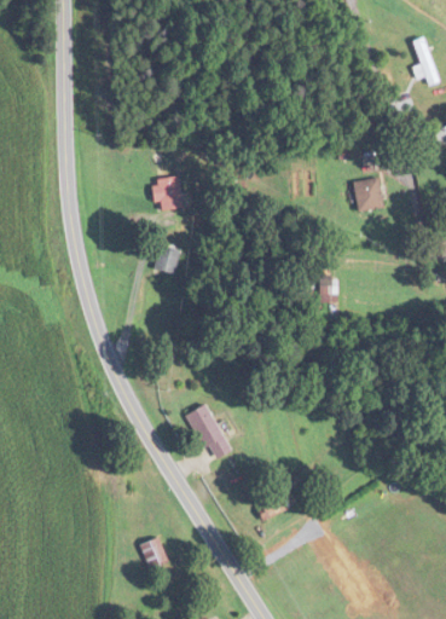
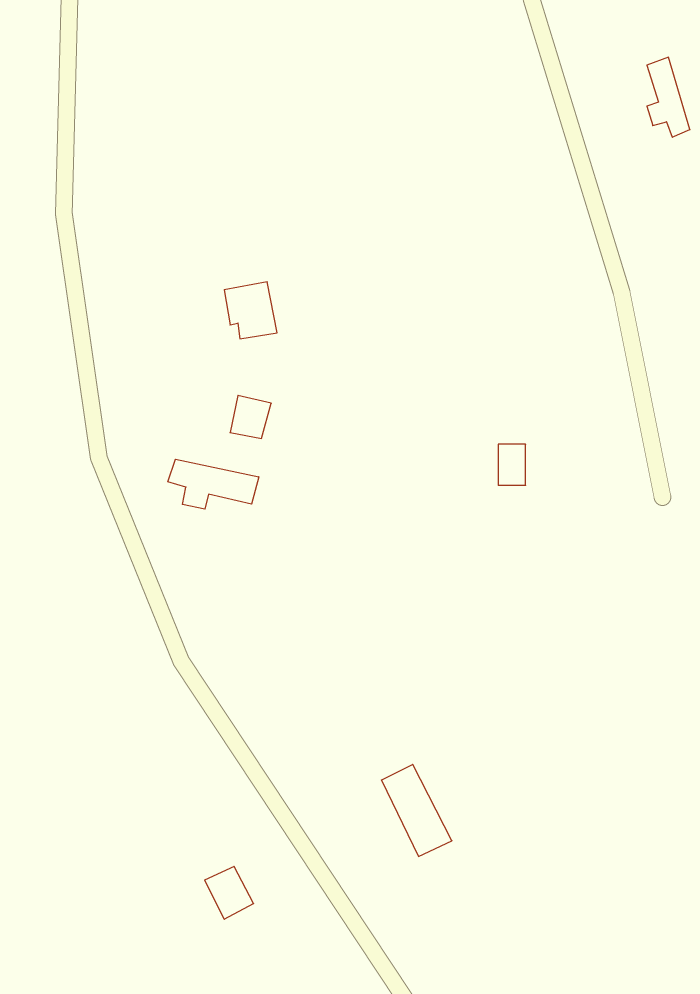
building: [353,177,383,212] -> none
building: none -> [168,459,259,509]
building: [187,404,231,461] -> [381,764,452,856]

